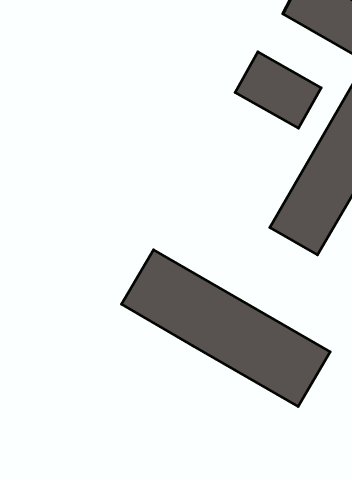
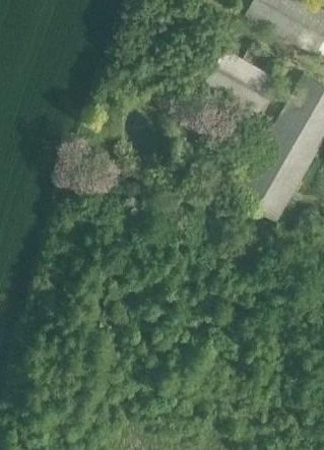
building: [122,250,330,406] -> none

